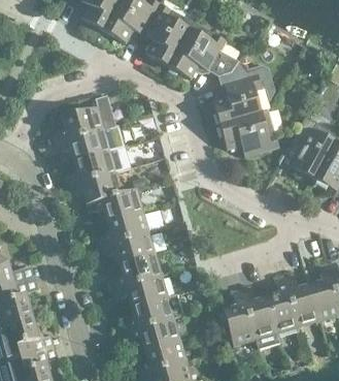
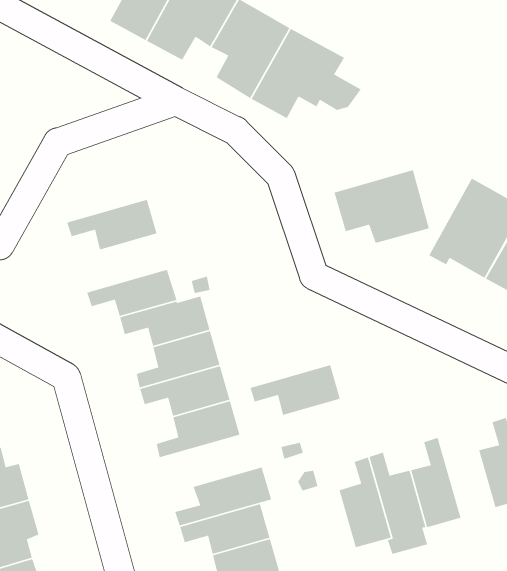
building: [213,60,272,124] -> none
building: [52,95,115,142] -> none
building: [63,150,116,186] -> none
building: [284,274,319,326] -> none
building: [111,275,168,307] -> [249,364,341,416]

